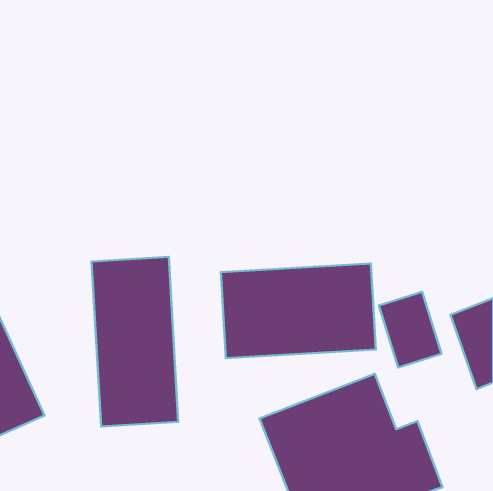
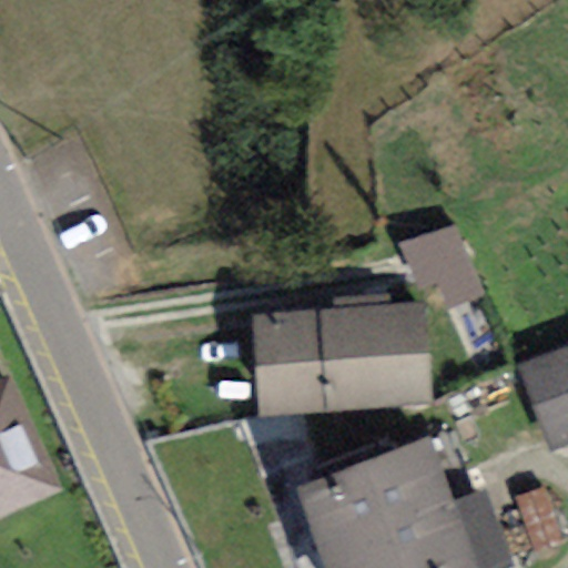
building: [92,257,178,427] -> none
building: [379,292,442,367] -> [409,223,481,310]

